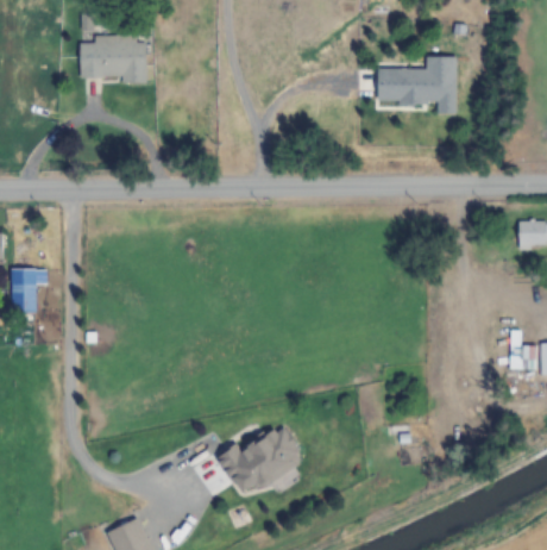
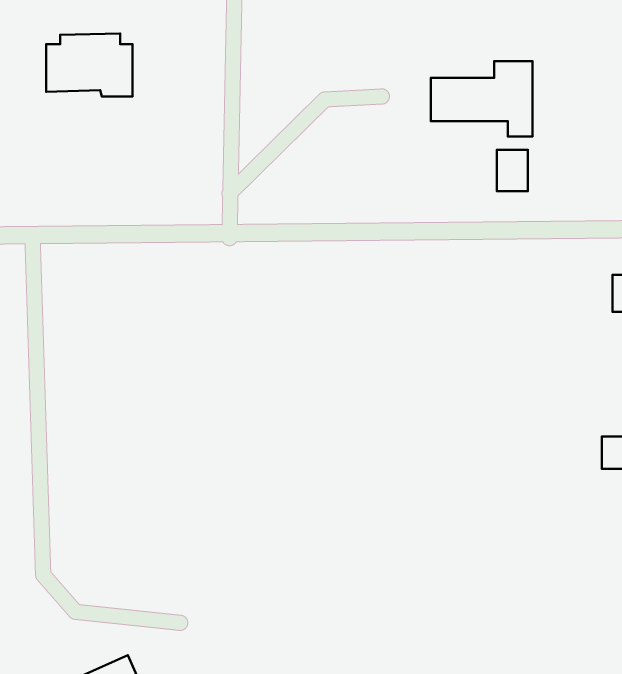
building: none -> [497,150,528,191]
building: [219,424,306,498] -> none

